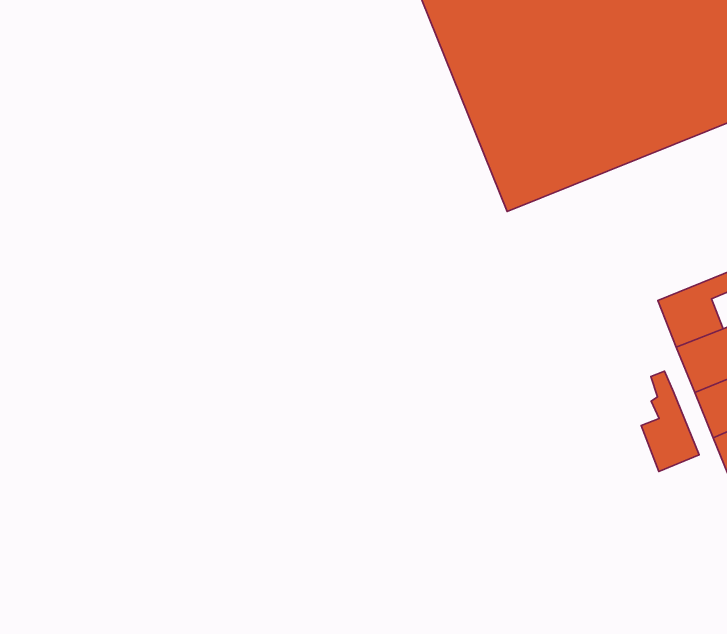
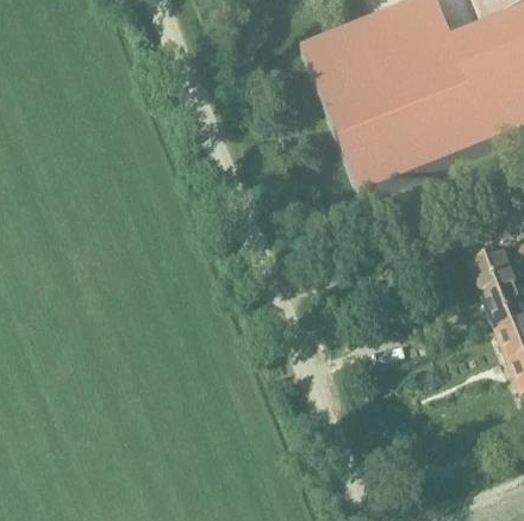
building: [641,371,699,471] -> none

